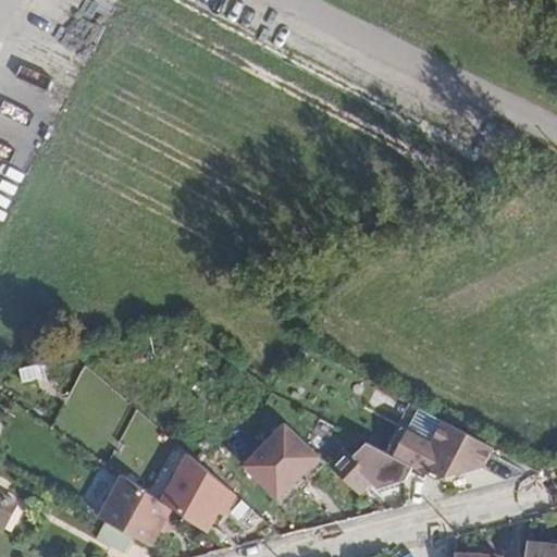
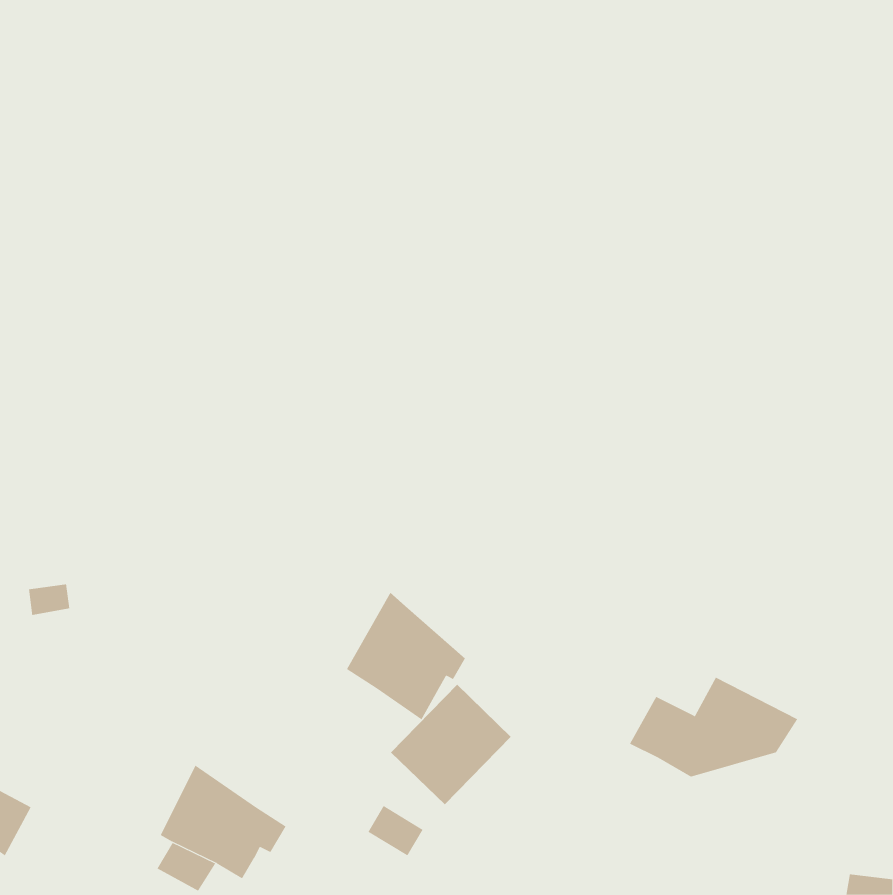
building: [326,445,407,493] -> none
building: [159,451,233,531] -> [346,592,466,720]

